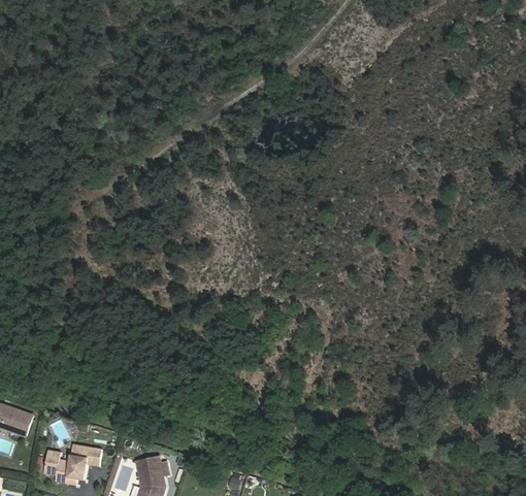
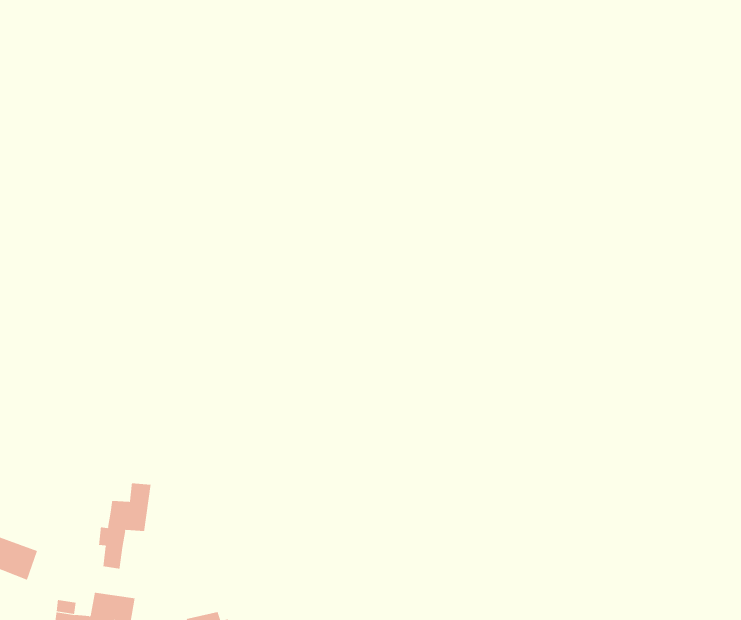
building: none -> [98,482,151,570]

